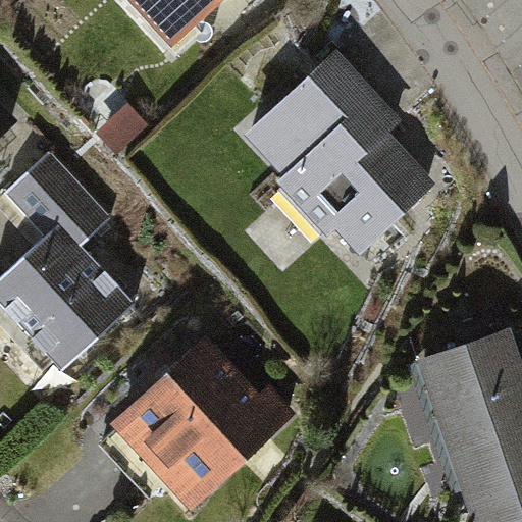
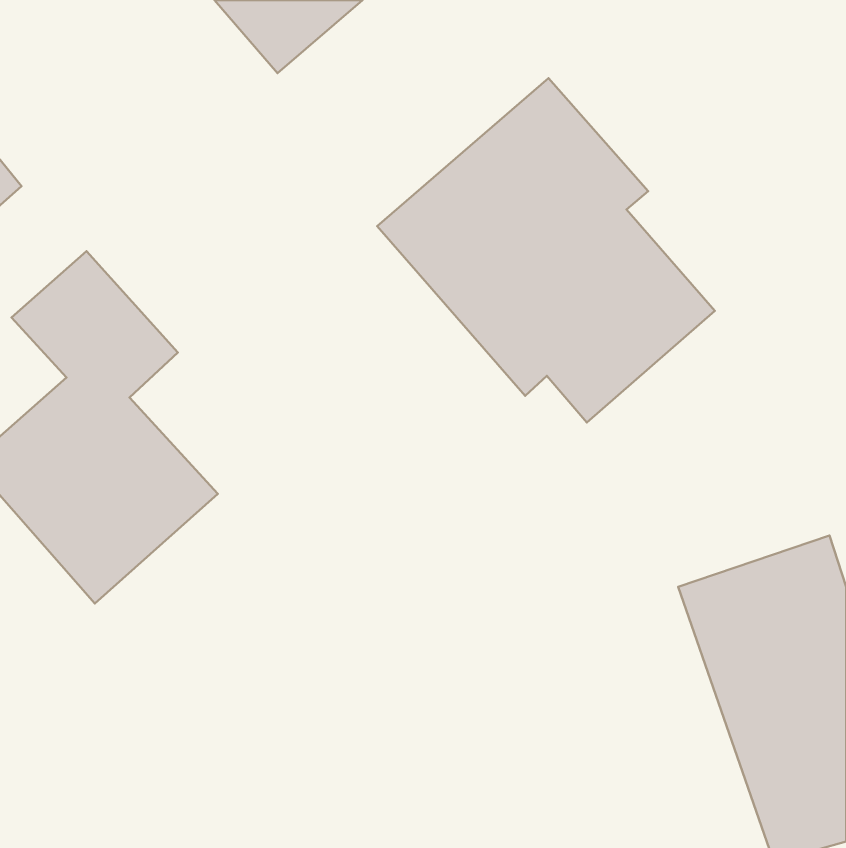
building: [113,333,289,508] -> none

